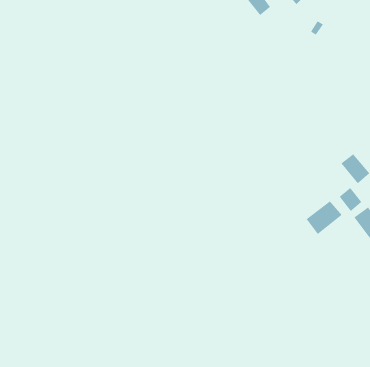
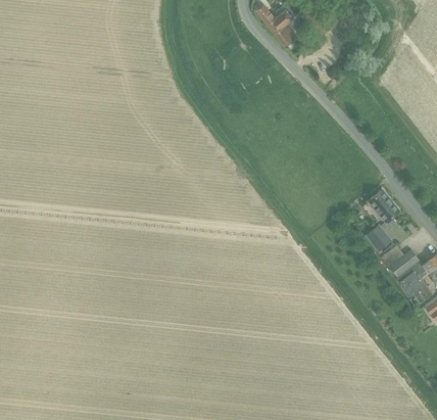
building: [306,200,342,235] -> none

